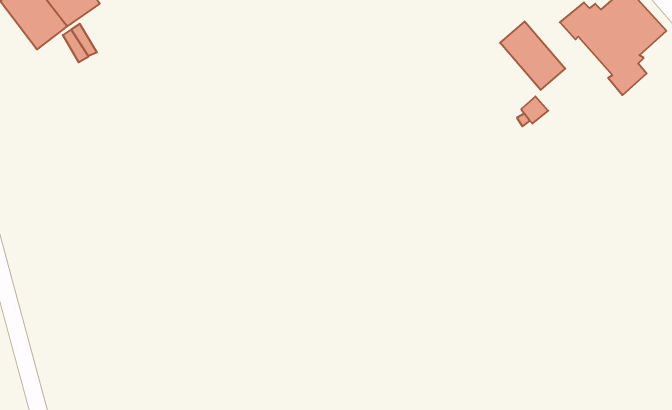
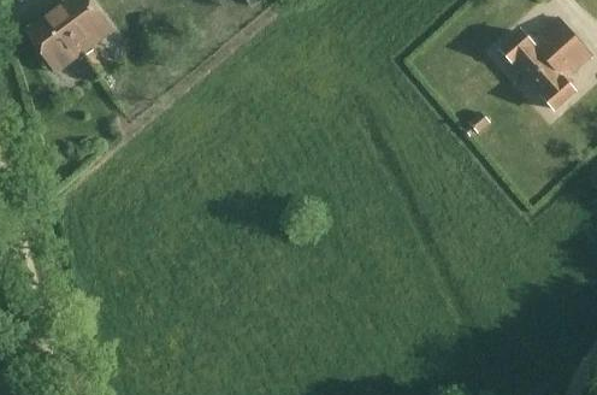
building: [500,21,565,90] -> none

